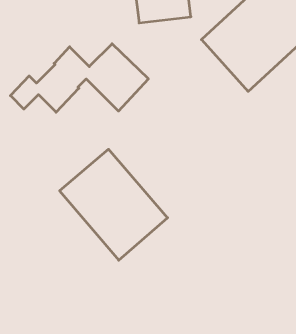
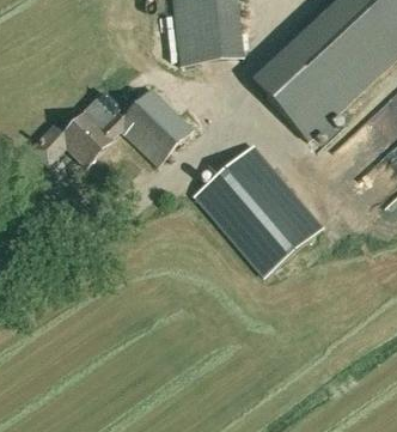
building: [60,149,168,260] -> [195,147,319,275]

